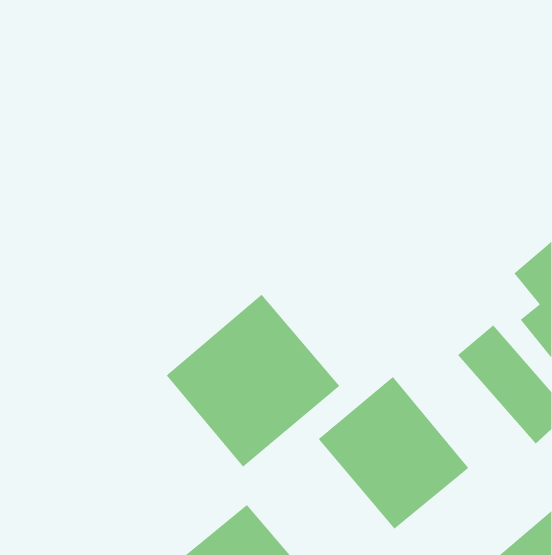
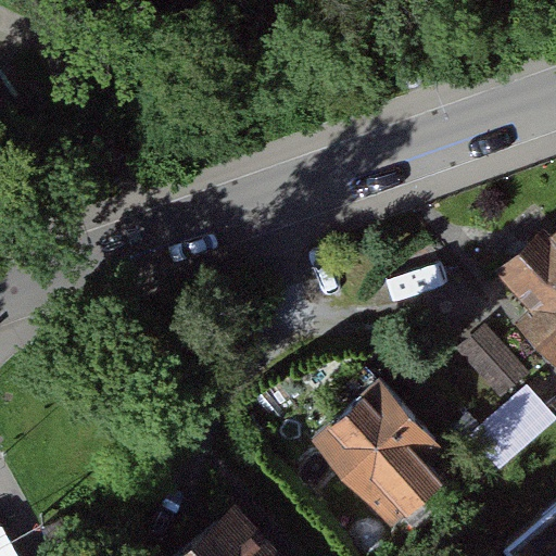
building: [166,294,340,468] -> none

